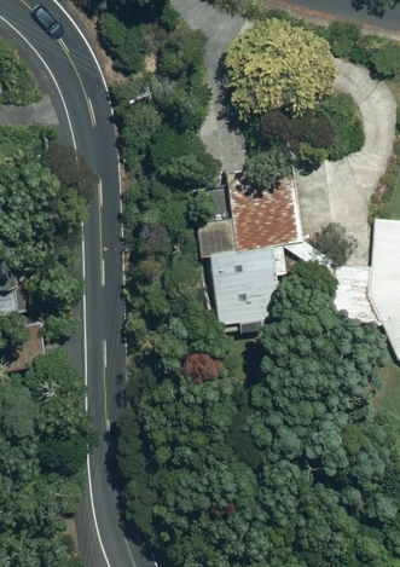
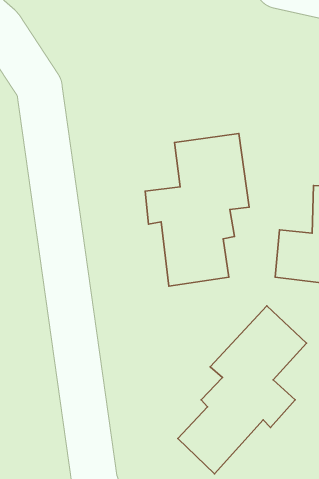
building: none -> [178,306,307,474]

